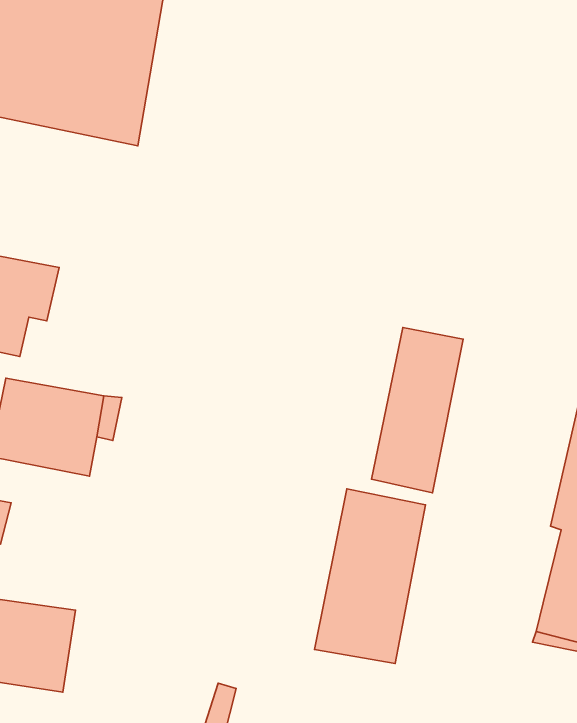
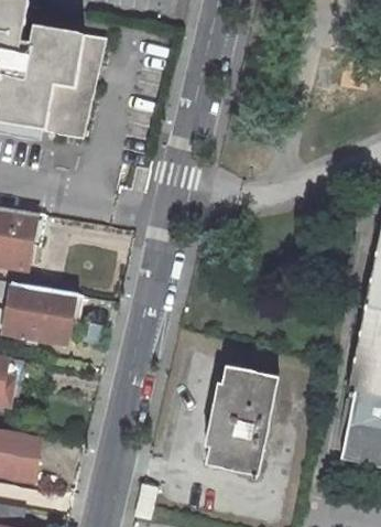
building: [371,327,463,493] -> none

